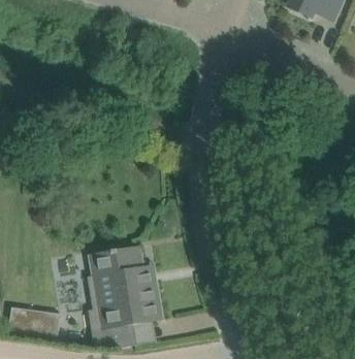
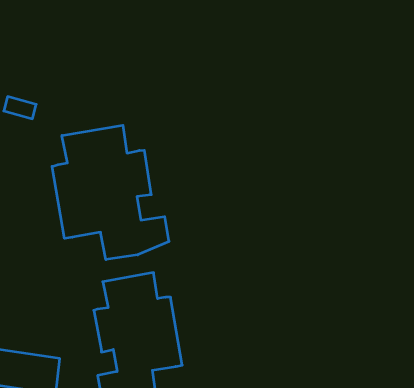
building: none -> [52,125,169,260]

